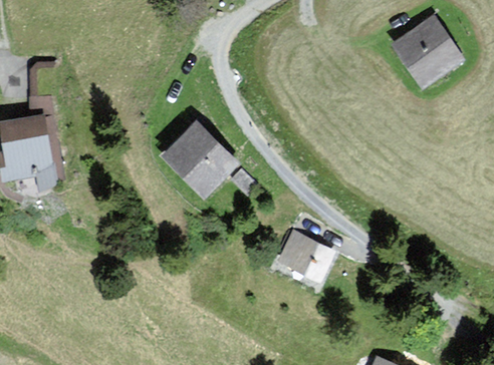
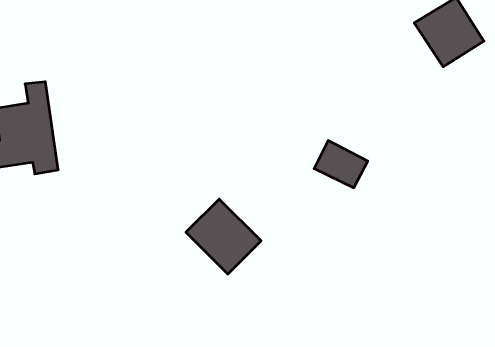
building: [164,124,234,195] -> [186,199,261,274]
building: [280,234,330,278] -> [314,141,368,188]

